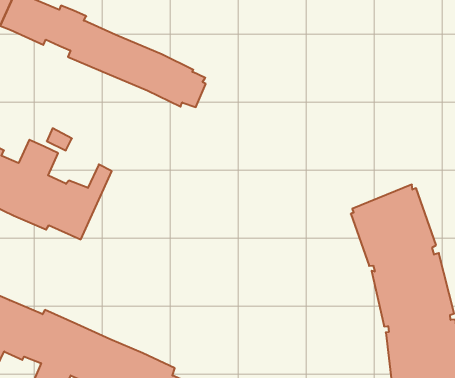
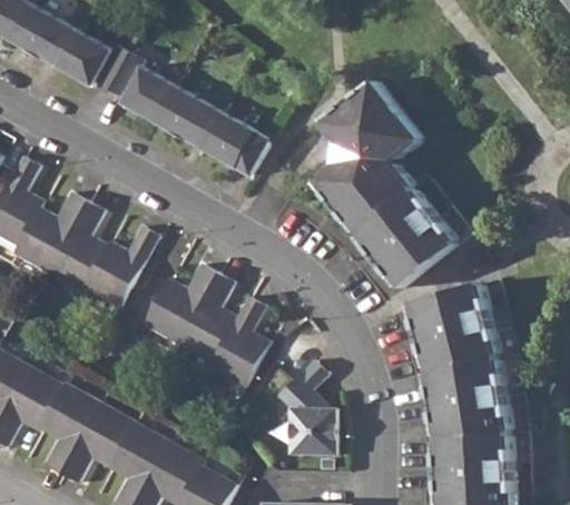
building: none -> [317,80,458,288]
building: none -> [139,263,263,385]
building: none -> [276,362,335,455]

